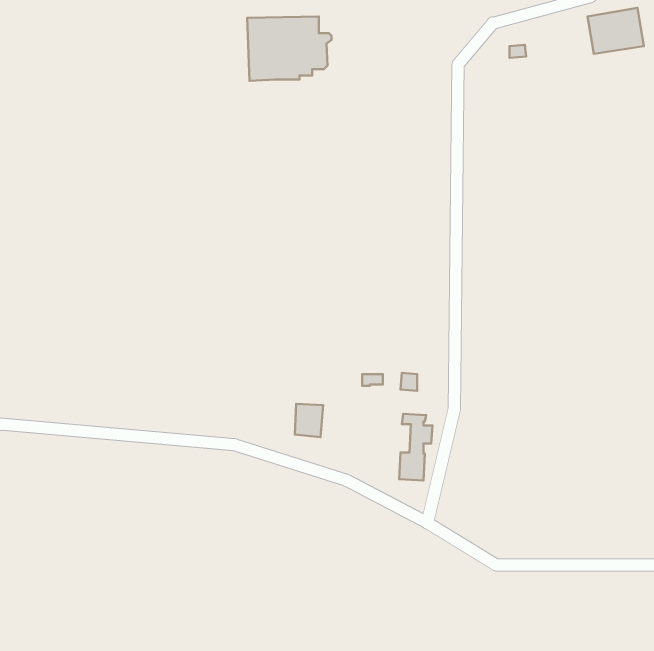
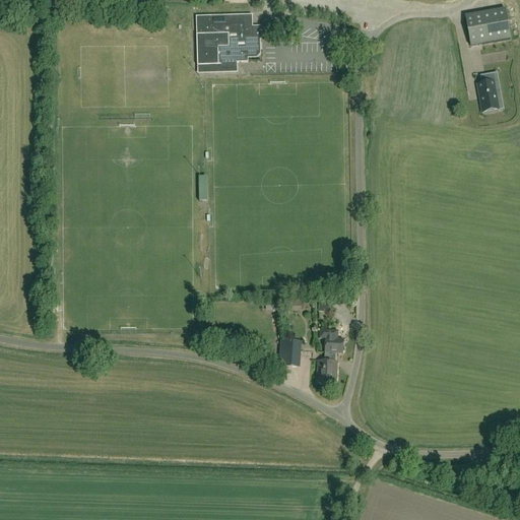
building: none -> [477,71,498,104]
building: [295,404,323,437] -> [279,339,302,366]

